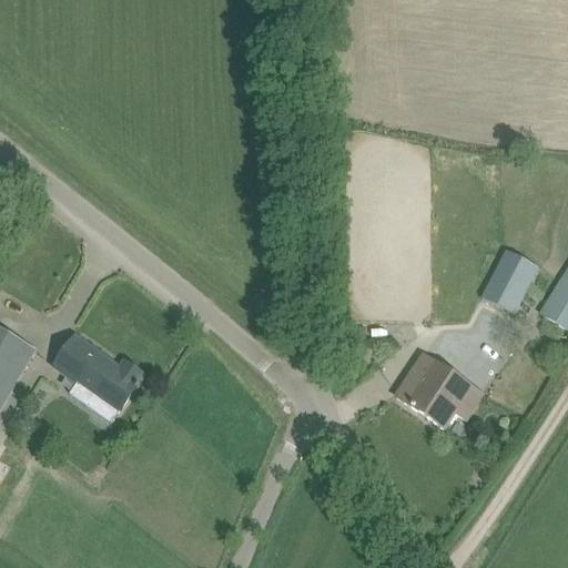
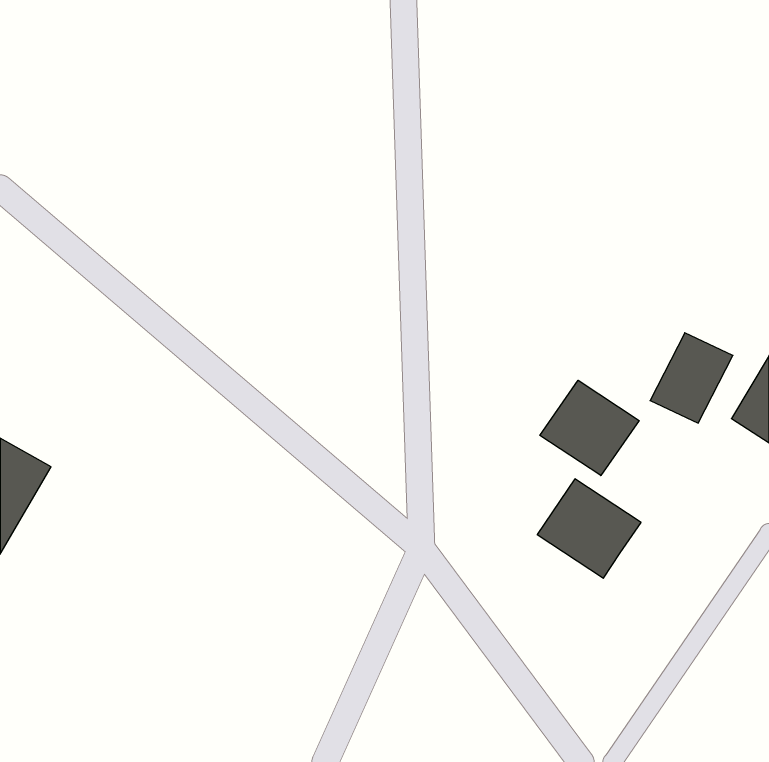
building: none -> [540,380,639,476]
building: [51,334,144,420] -> none

